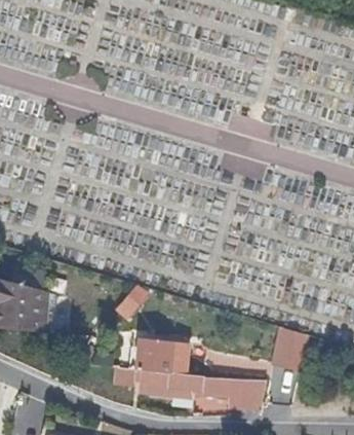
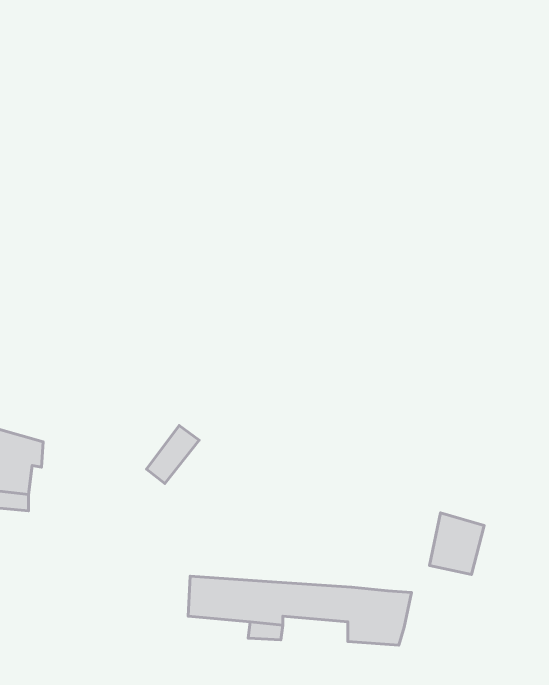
building: [135,341,188,373] -> none

